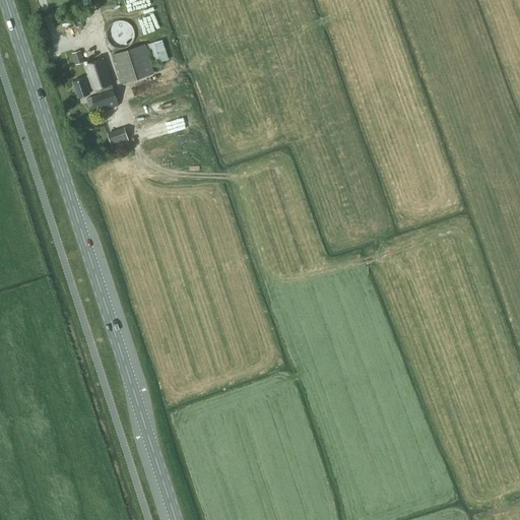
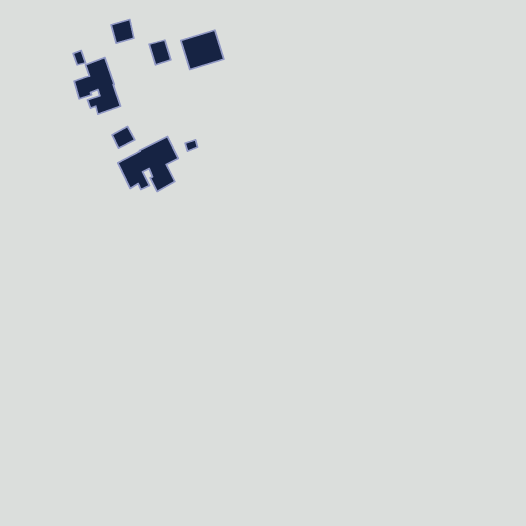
building: [112,45,154,83] -> [181,30,224,69]
building: none -> [118,136,178,191]

